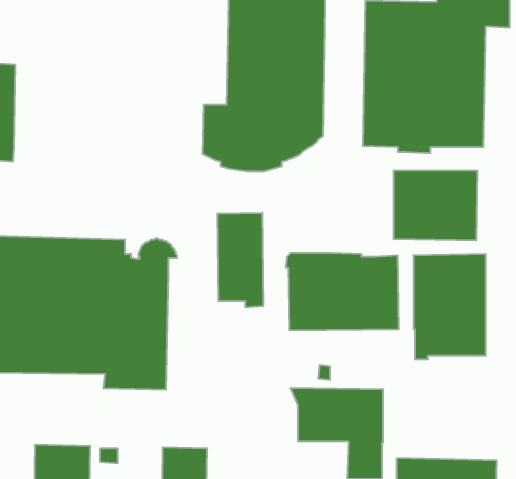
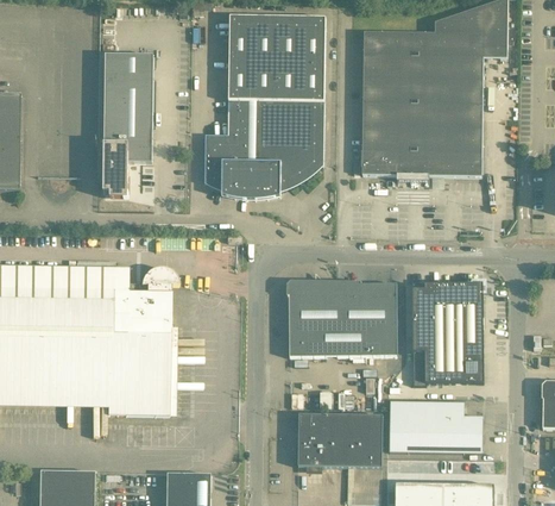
building: none -> [103,52,154,196]
building: [394,170,477,241] -> none
building: [217,213,263,307] -> none
building: none -> [390,400,483,451]

